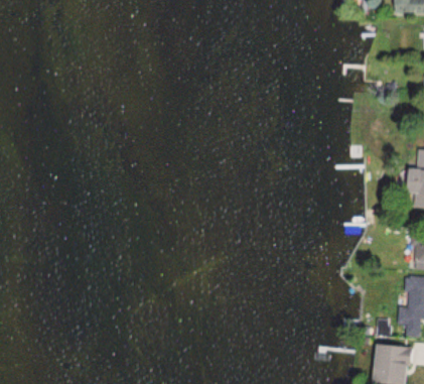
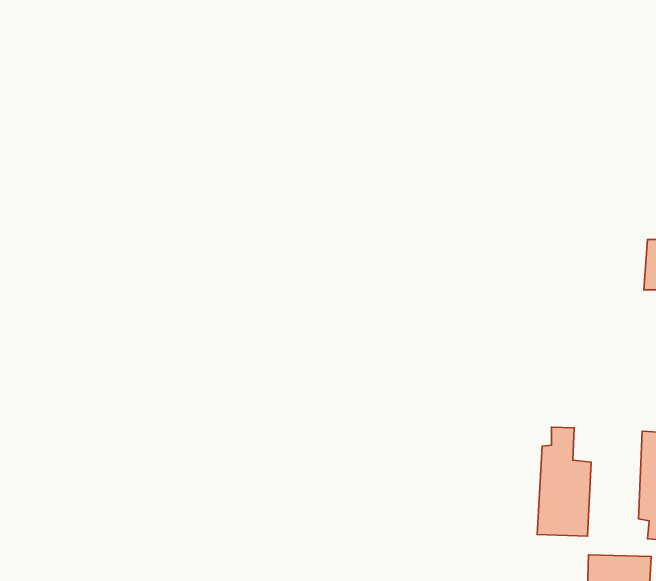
building: none -> [537,427,591,536]

